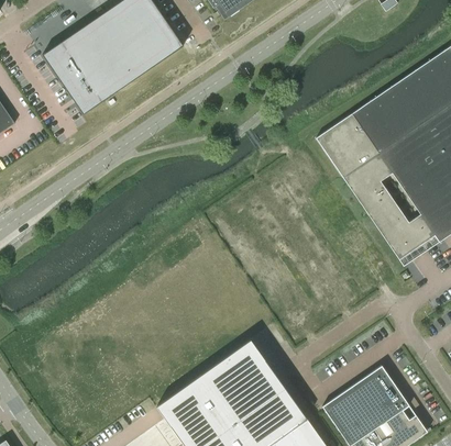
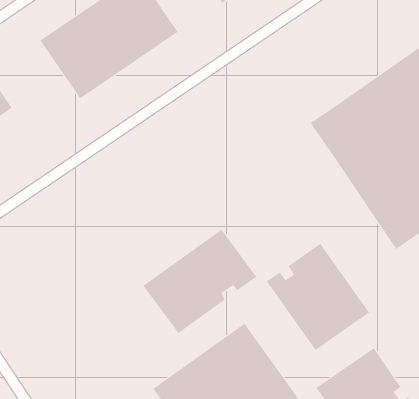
building: none -> [143,229,257,334]
building: none -> [266,243,370,351]

